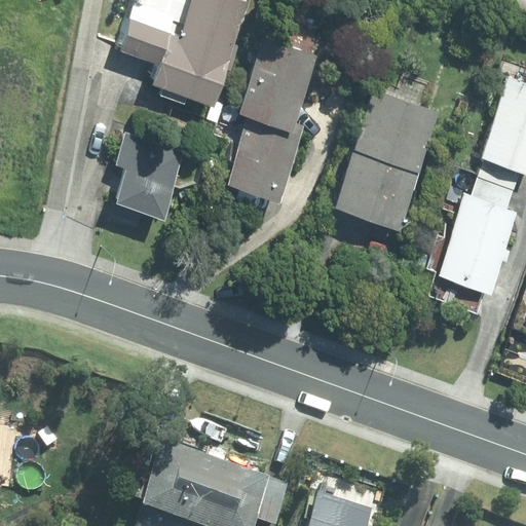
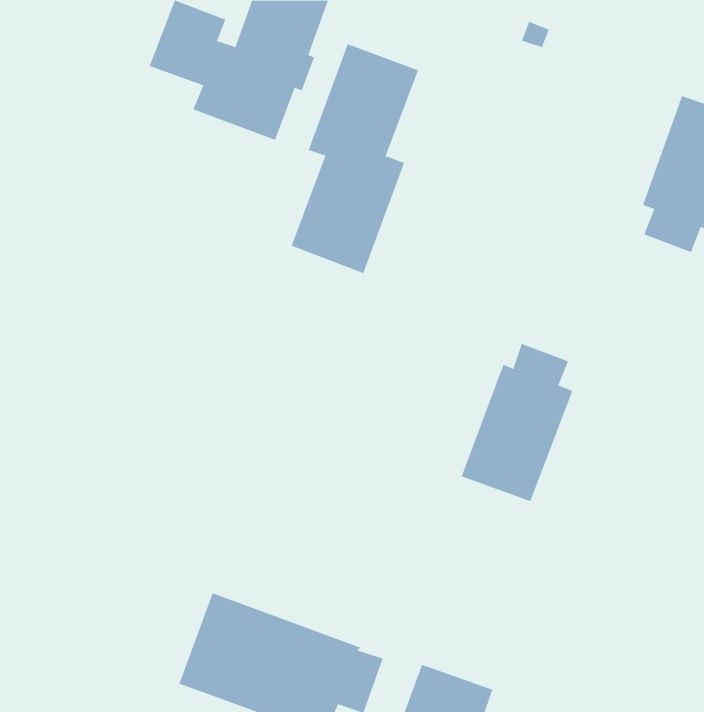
building: [331,91,440,232] -> none
building: [112,134,185,221] -> none
building: [437,176,519,292] -> [461,343,573,502]

